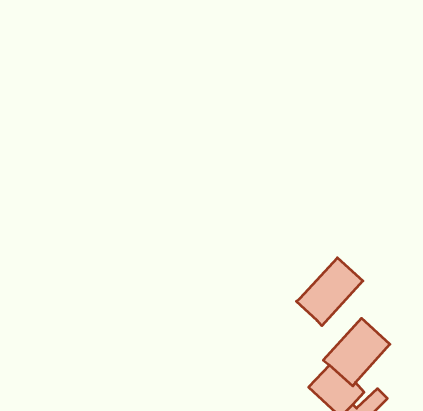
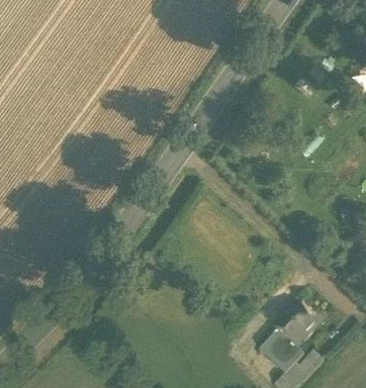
building: [296,258,363,326] -> none

